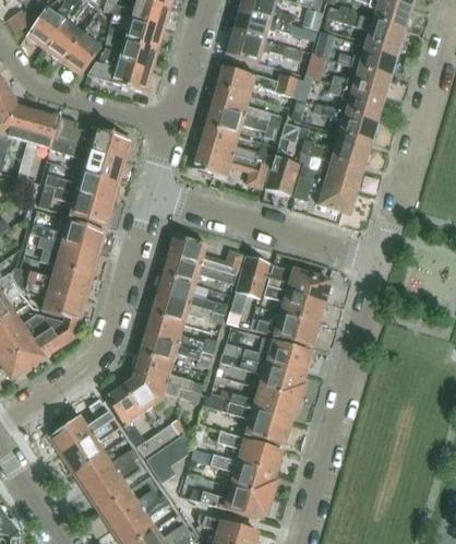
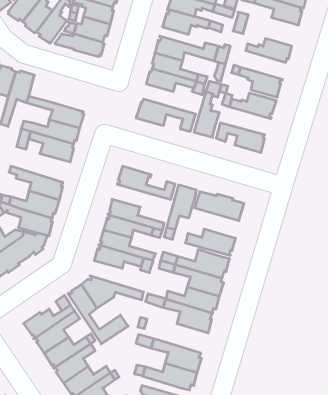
building: [337,42,399,79] -> none
building: [328,84,383,121] -> none
building: [53,118,132,163] -> none
building: [200,127,271,166] -> none
building: [299,162,363,192] -> none
building: [31,220,106,253] -> none
building: [160,256,236,285] -> none
building: [264,286,324,326] -> none
building: [132,354,204,394] -> none
building: [217,433,280,474] -> none
building: [146,435,191,484] -> none

